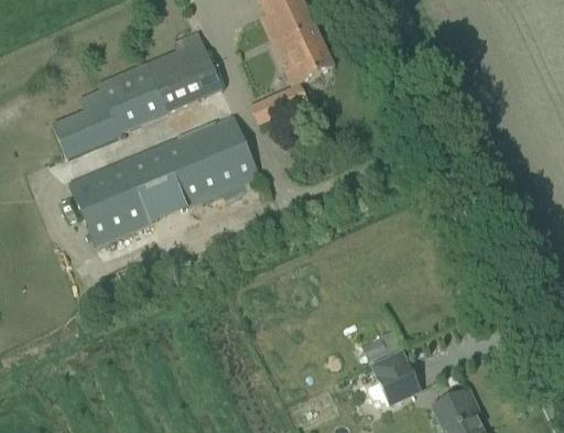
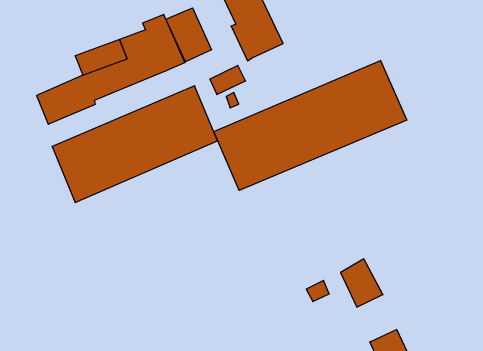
building: none -> [166,8,211,62]
building: none -> [214,60,407,190]
building: [371,349,420,404] -> [341,259,383,307]

